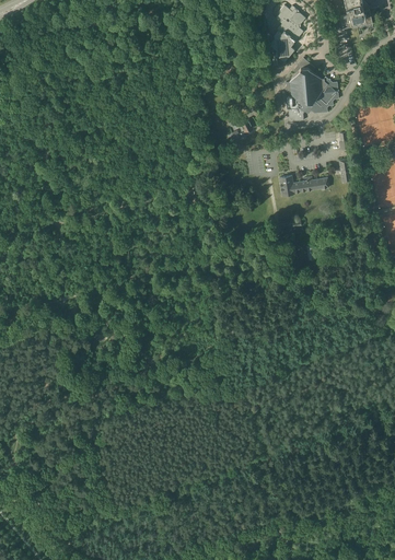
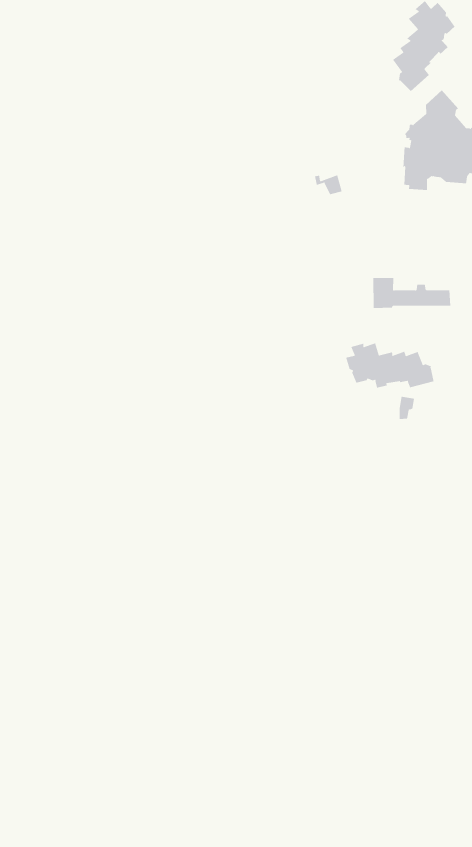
building: none -> [345,342,434,389]

